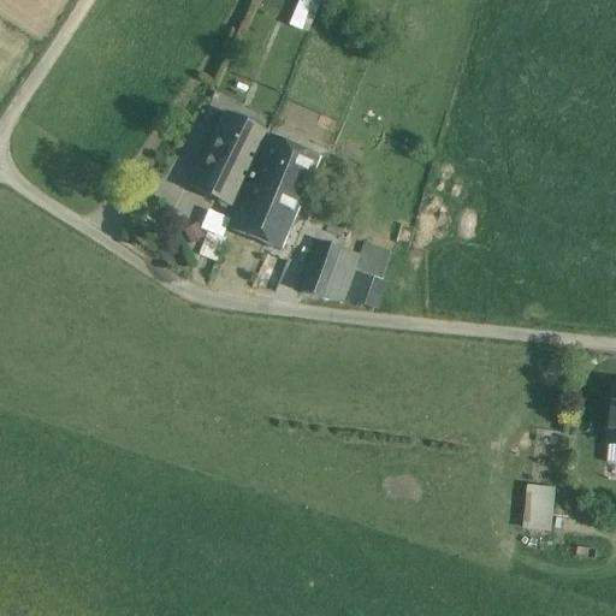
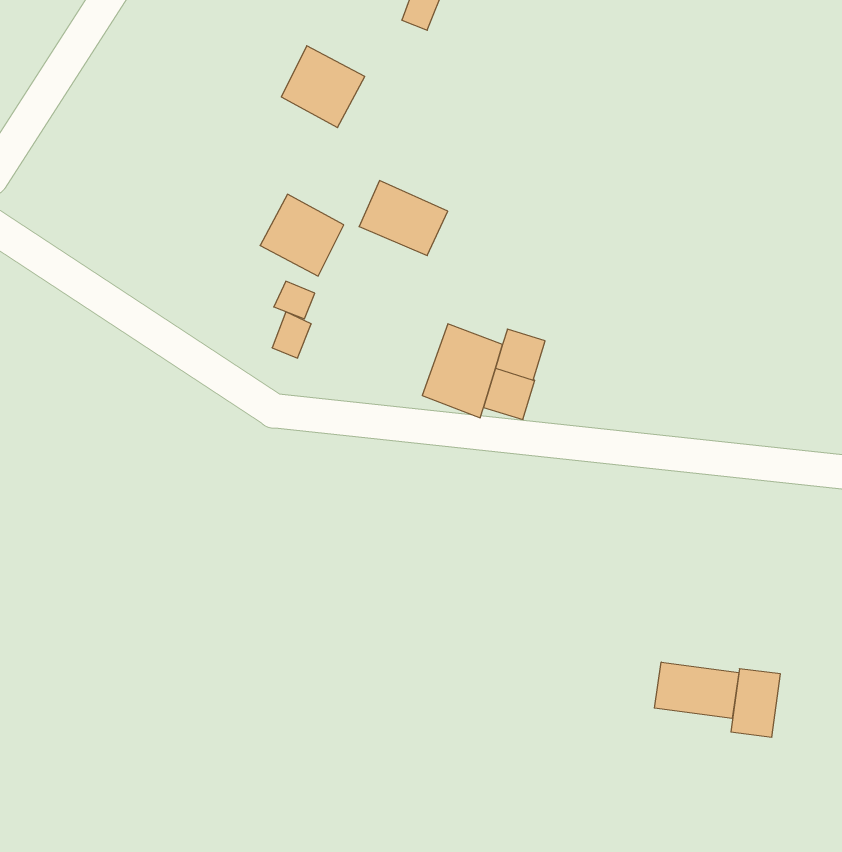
building: [208,109,267,167] -> [281,46,365,128]
building: [233,168,307,247] -> none
building: none -> [654,662,739,719]

